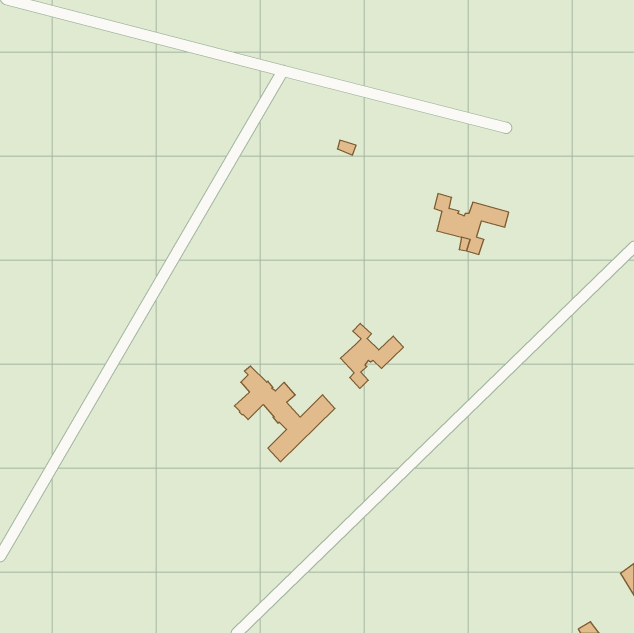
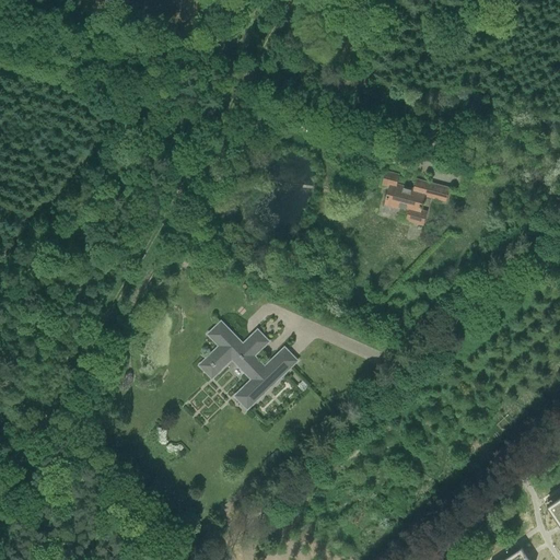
building: [340,323,403,388] -> none

